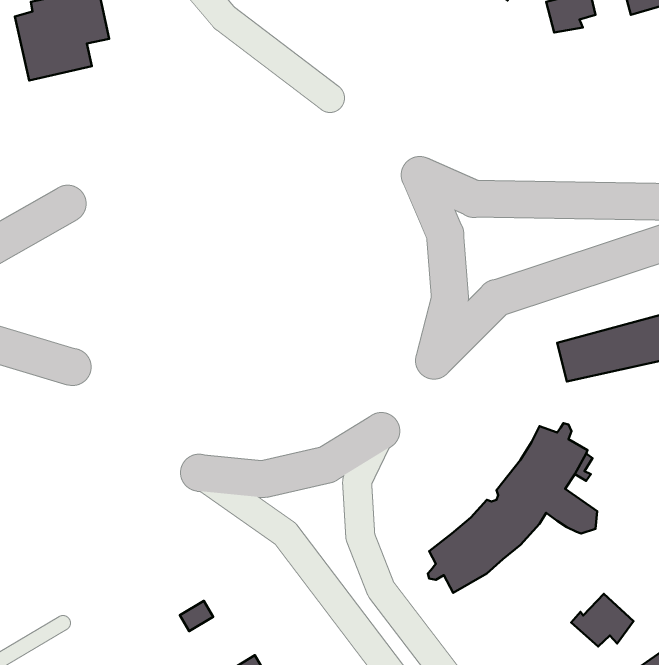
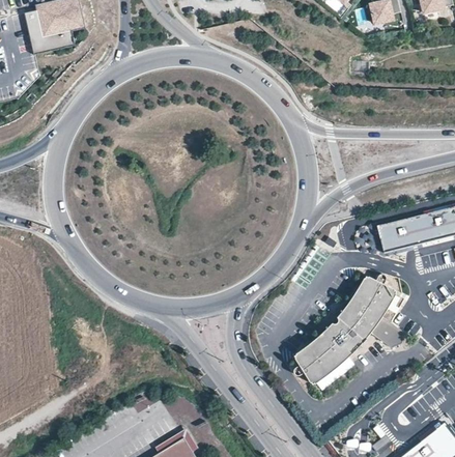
building: [571,594,634,646] -> none

